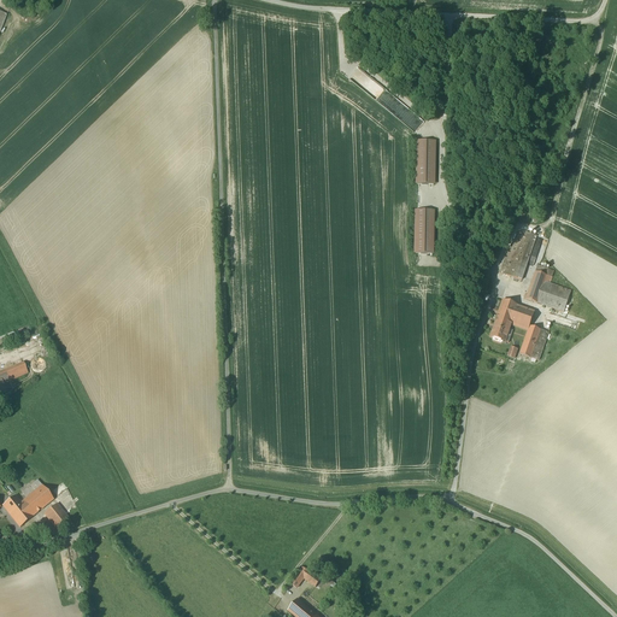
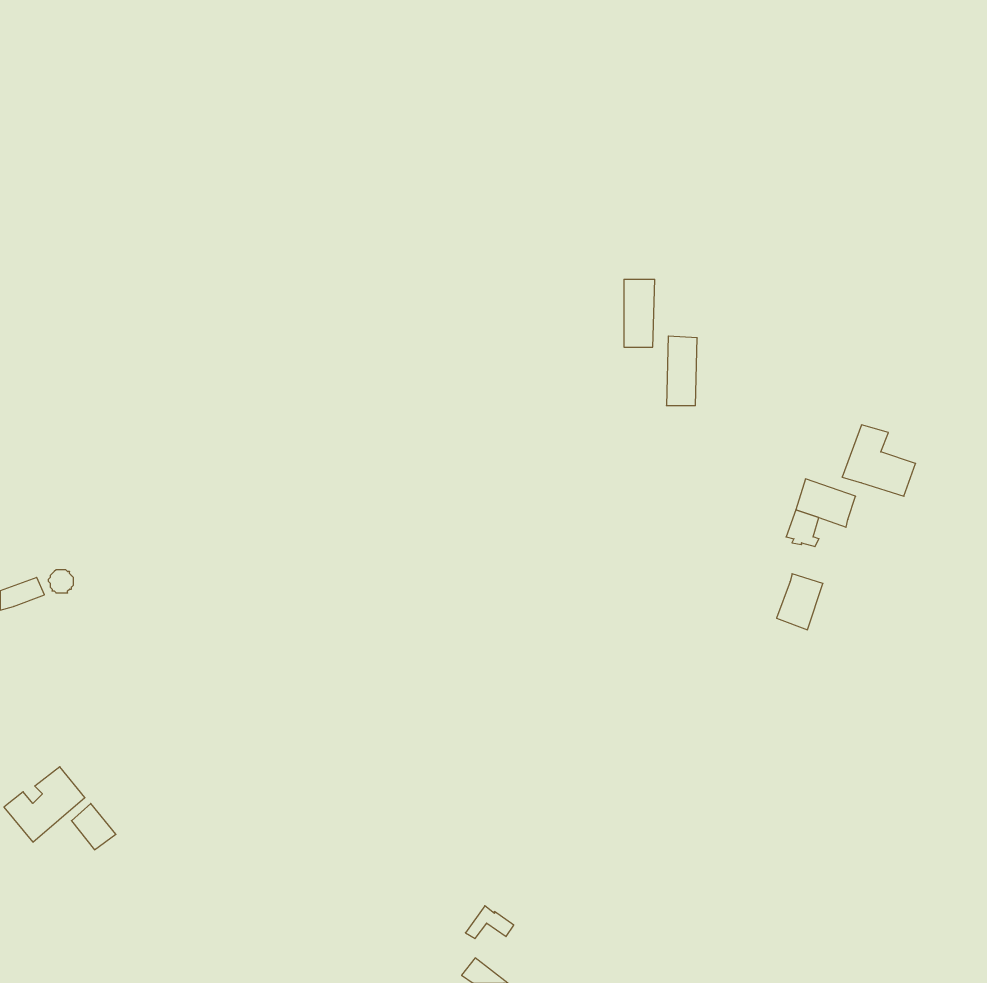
building: [417,141,436,183] -> [624,279,655,347]
building: [500,228,536,278] -> none
building: [519,324,548,359] -> [777,574,823,630]

